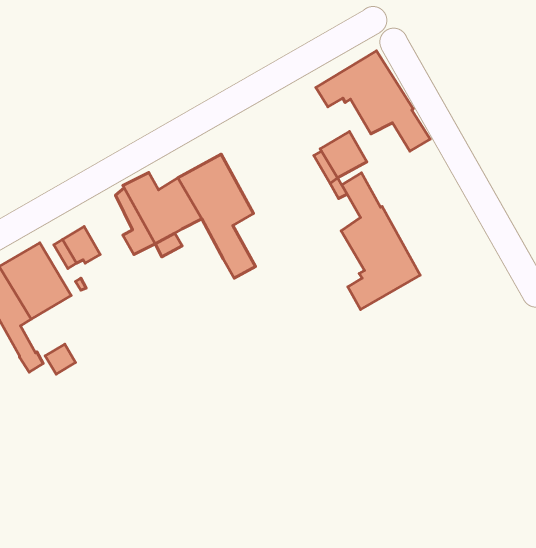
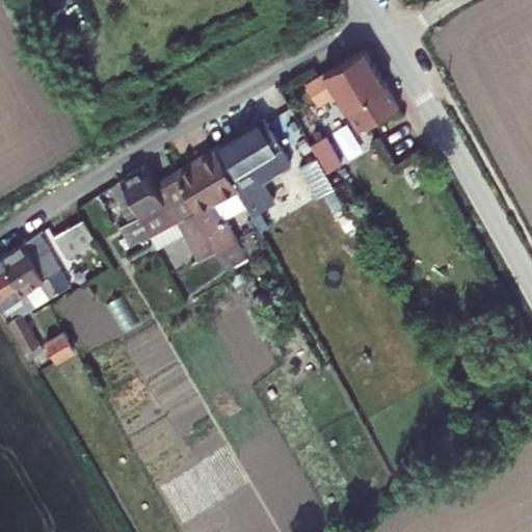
building: none -> [213,122,291,216]
building: [341,173,420,309] -> none
building: none -> [176,214,215,263]

